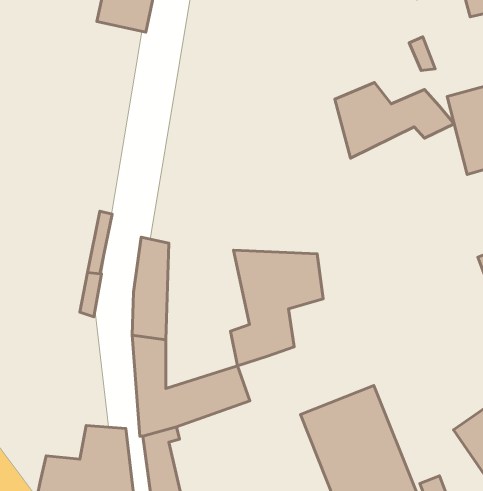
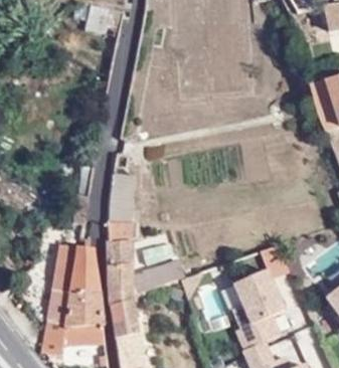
building: [335,83,454,158] -> none
building: [231,250,323,366] -> none
building: none -> [50,244,103,317]

